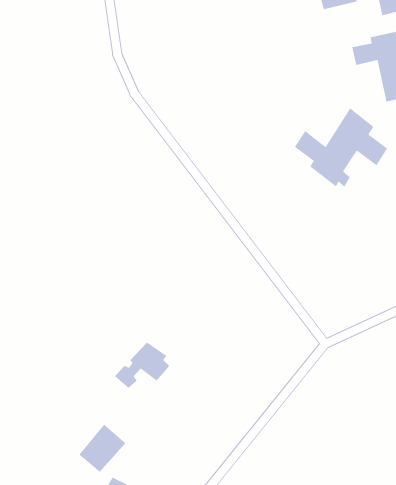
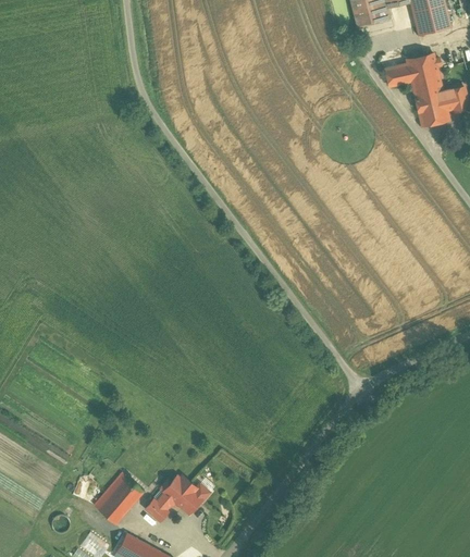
building: [294,108,388,188] -> none
building: [114,342,170,388] -> [145,473,205,523]

